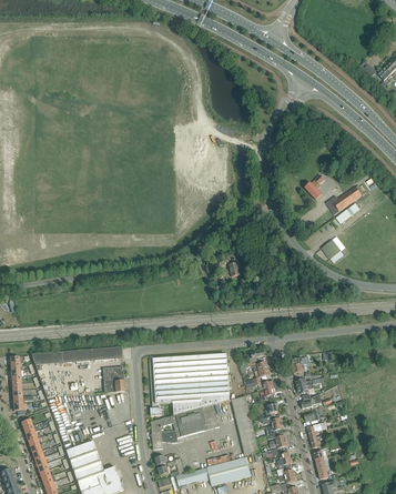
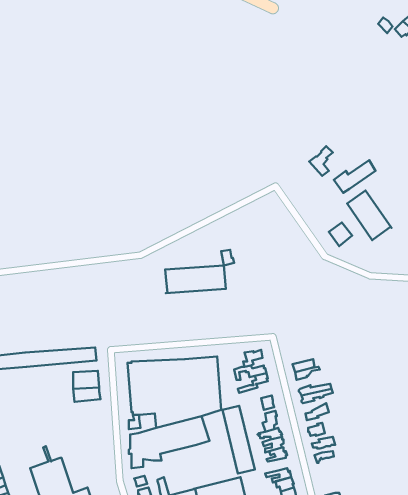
building: none -> [347,190,391,240]
building: none -> [165,266,226,293]

